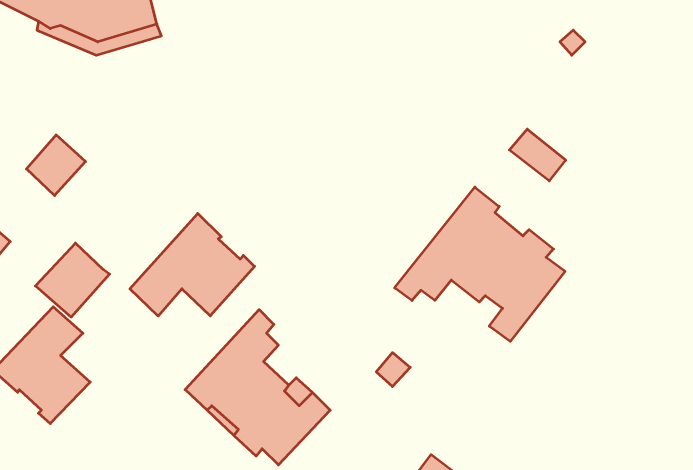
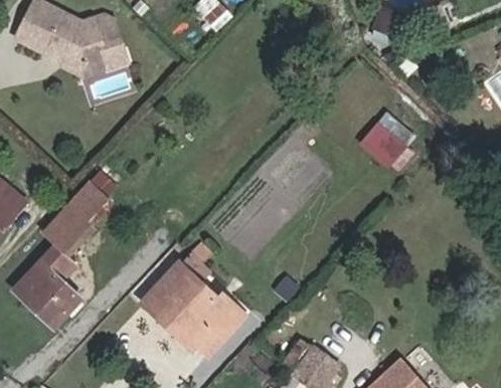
building: [26,135,86,196] -> [69,180,110,221]
building: [395,187,565,341] -> none
building: [130,213,255,316] -> none

